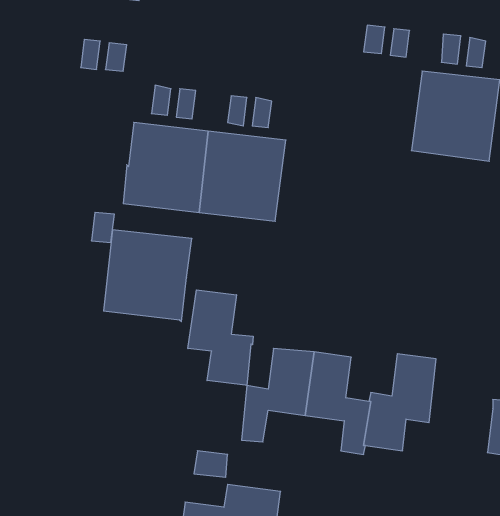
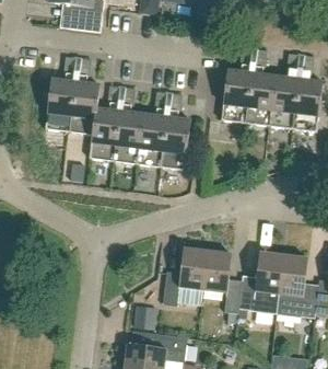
building: none -> [221,69,274,125]
building: [104,230,192,322] -> [45,78,99,135]
building: [188,290,253,385] -> none
building: none -> [277,254,318,318]

